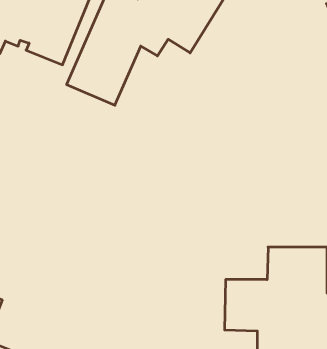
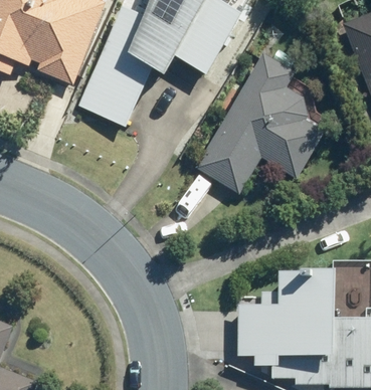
building: none -> [194,51,325,194]

